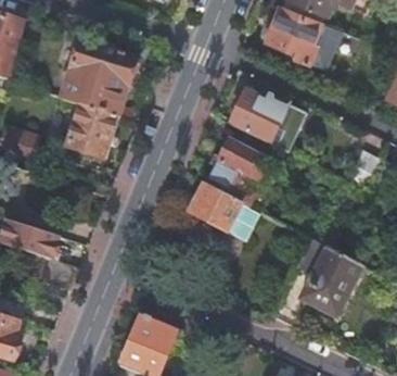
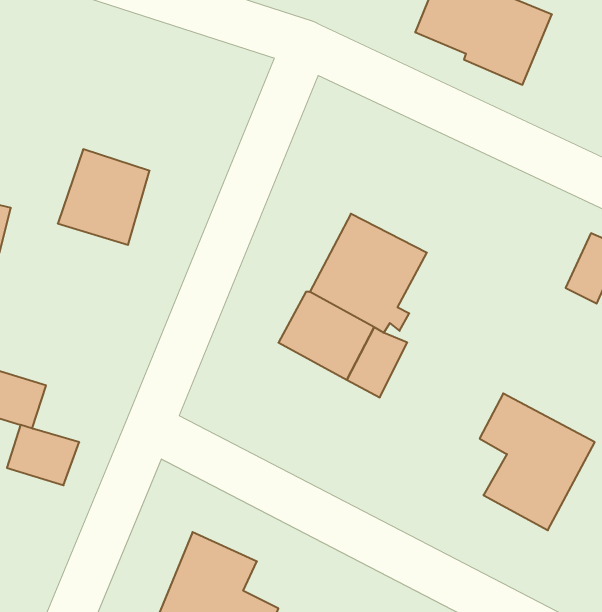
building: [61,39,137,115] -> none
building: [228,90,305,151] -> none

